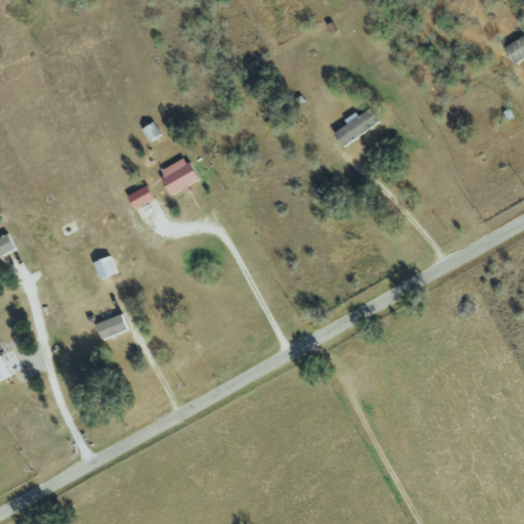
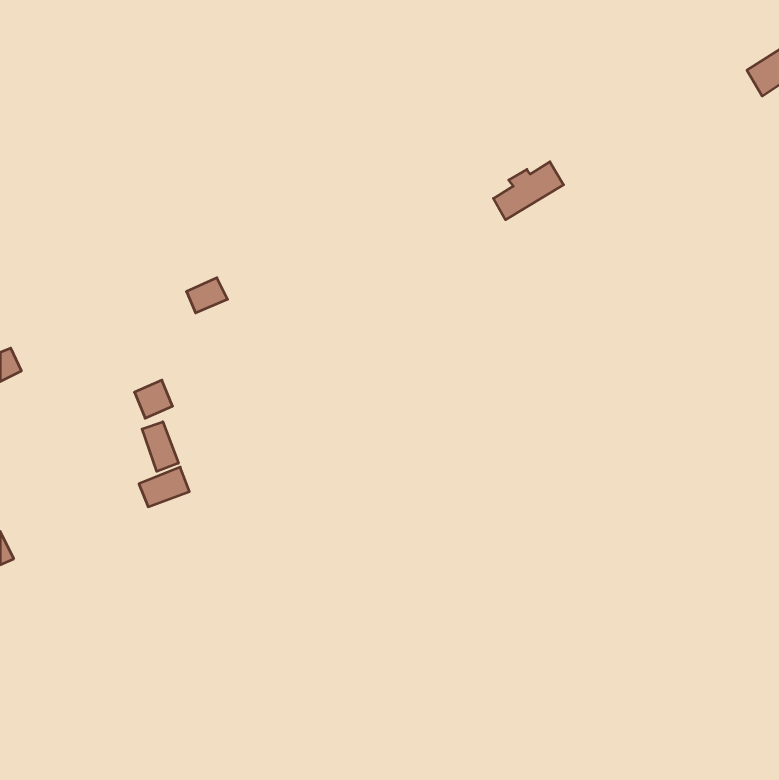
building: [157,157,198,195] -> none
building: none -> [142,422,178,471]

